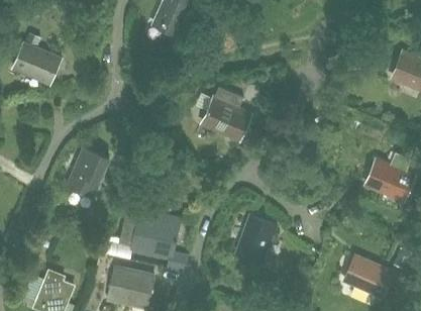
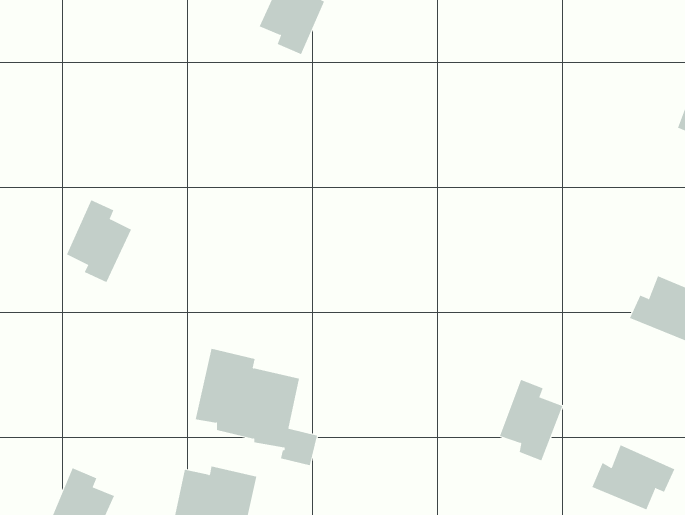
building: [17,43,55,85] -> none
building: [206,98,244,140] -> none
building: [69,149,106,197] -> [66,199,132,283]
building: [237,216,274,263] -> [499,379,563,461]

